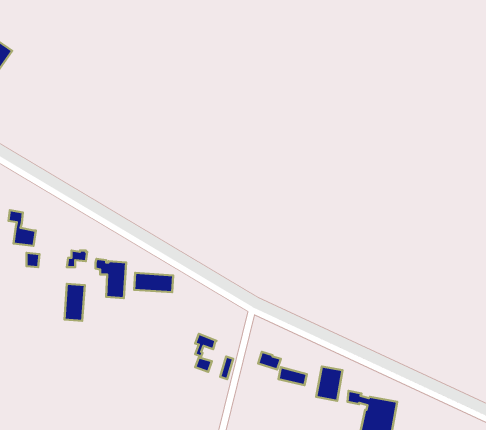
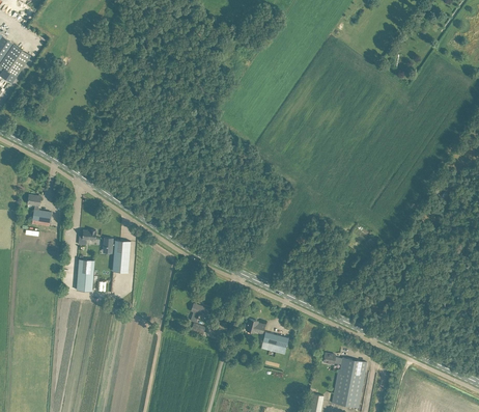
building: [134,273,173,292] -> none
building: [316,366,343,401] -> none

